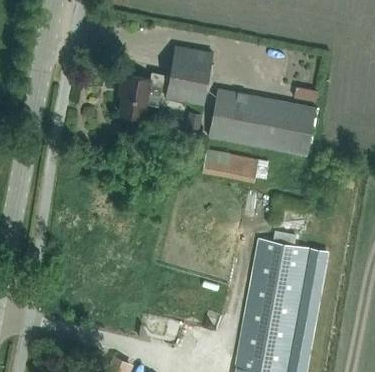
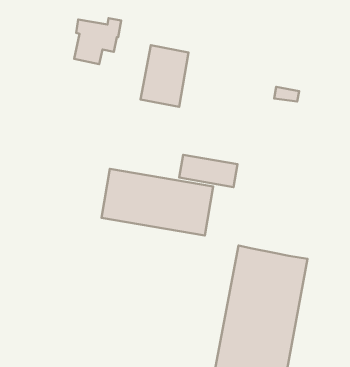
building: [119,73,164,117] -> [74,18,121,64]
building: [209,90,316,154] -> [102,169,213,236]

